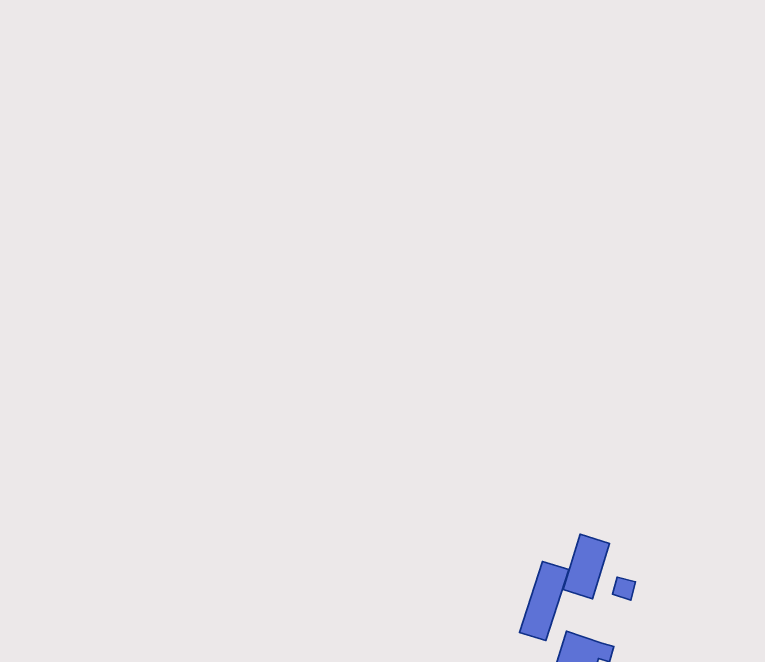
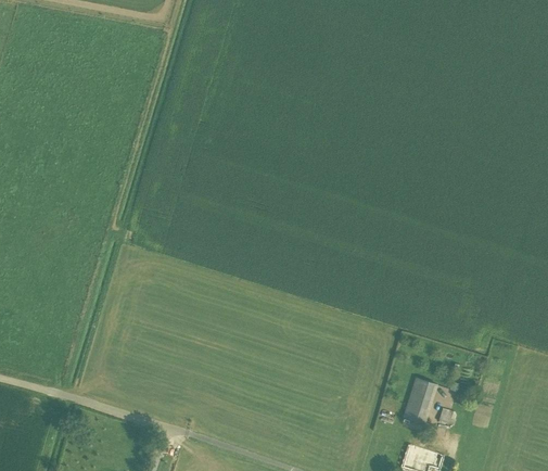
building: [519,561,569,641] -> none

